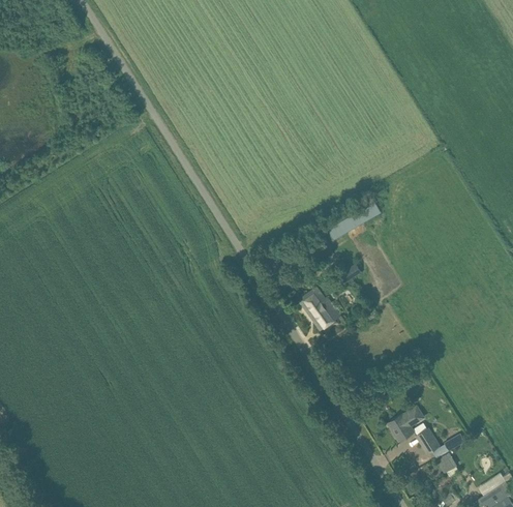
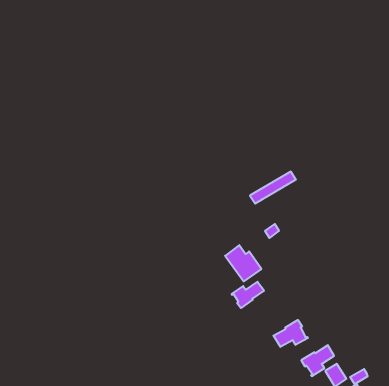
building: none -> [232,282,264,308]
building: none -> [273,320,308,347]

